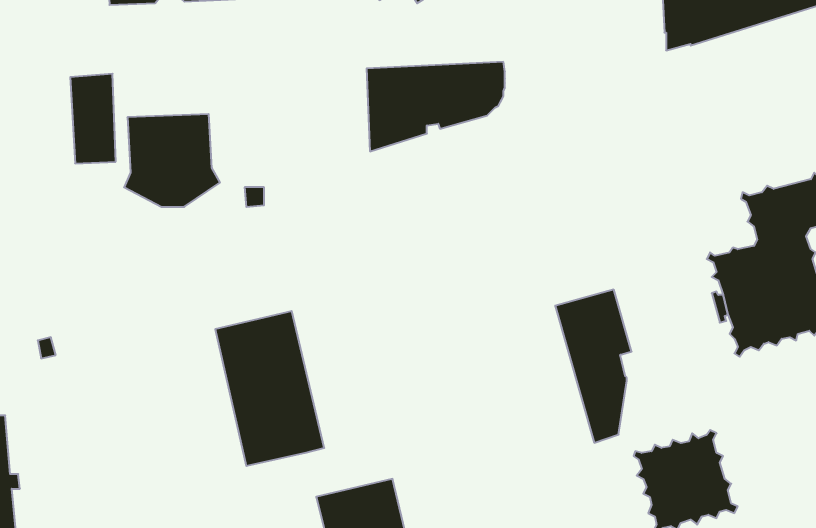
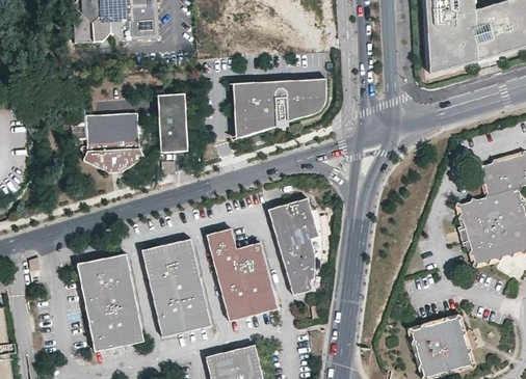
building: [70,74,116,163] -> [157,91,186,148]
building: [555,290,632,443] -> [268,197,317,295]
building: none -> [206,227,279,321]
building: none -> [76,252,143,351]

